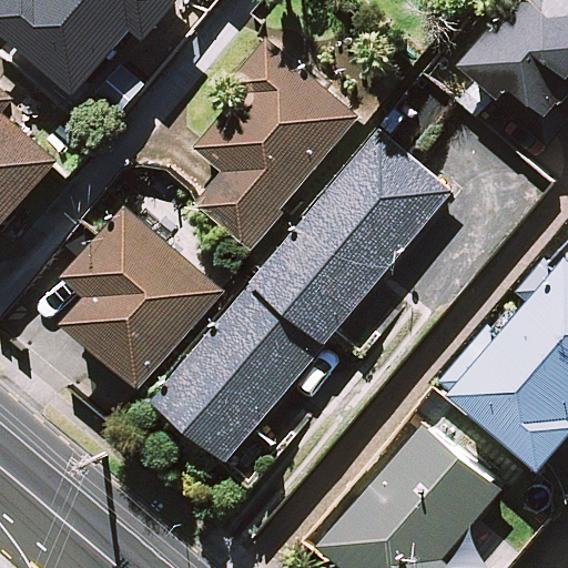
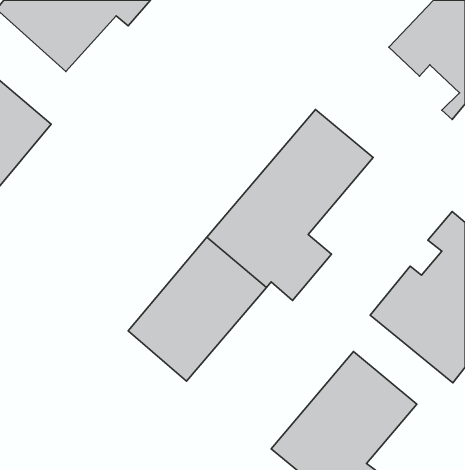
building: [193,43,354,245] -> none
building: [64,209,222,387] -> none

